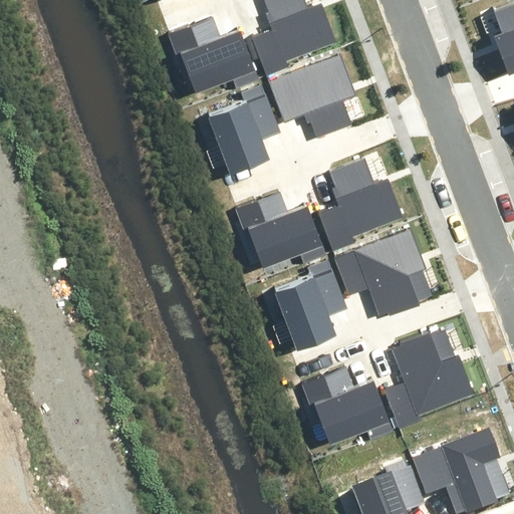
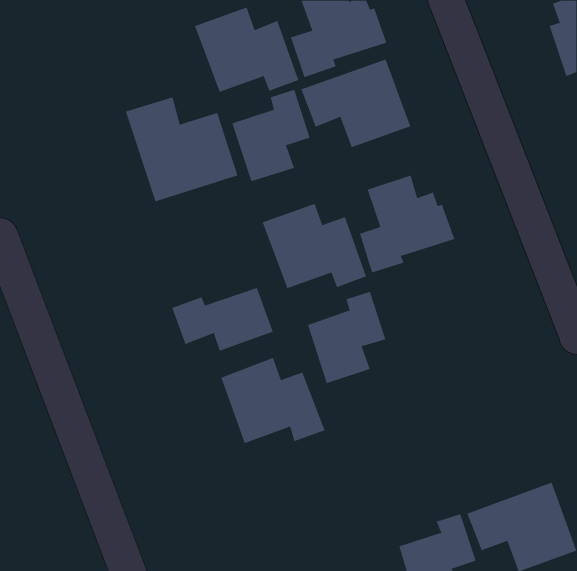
building: none -> [125,97,238,202]
building: [334,236,433,316] -> none
building: none -> [172,287,273,352]
building: [387,331,473,425] -> none
building: [302,361,396,439] -> [221,357,326,444]

